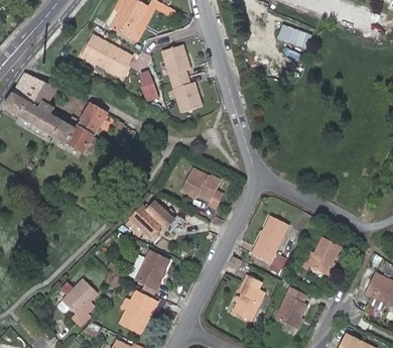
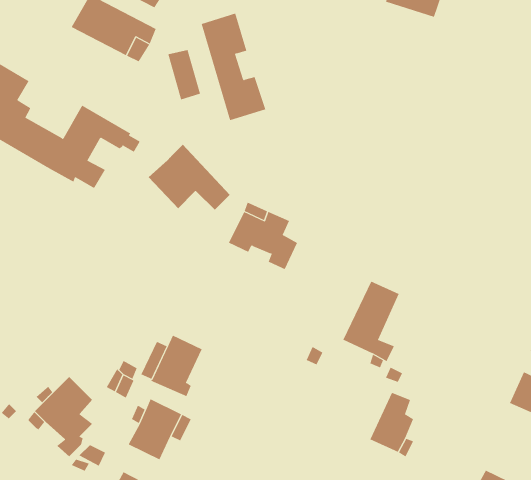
building: [128,198,180,240] -> [148,144,231,211]
building: [298,238,341,275] -> none
building: [234,277,266,322] -> none

